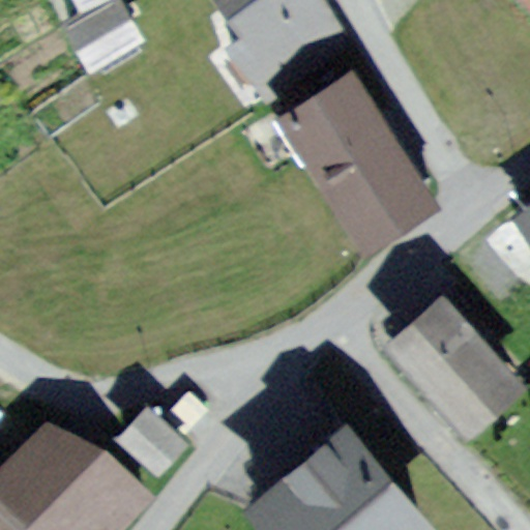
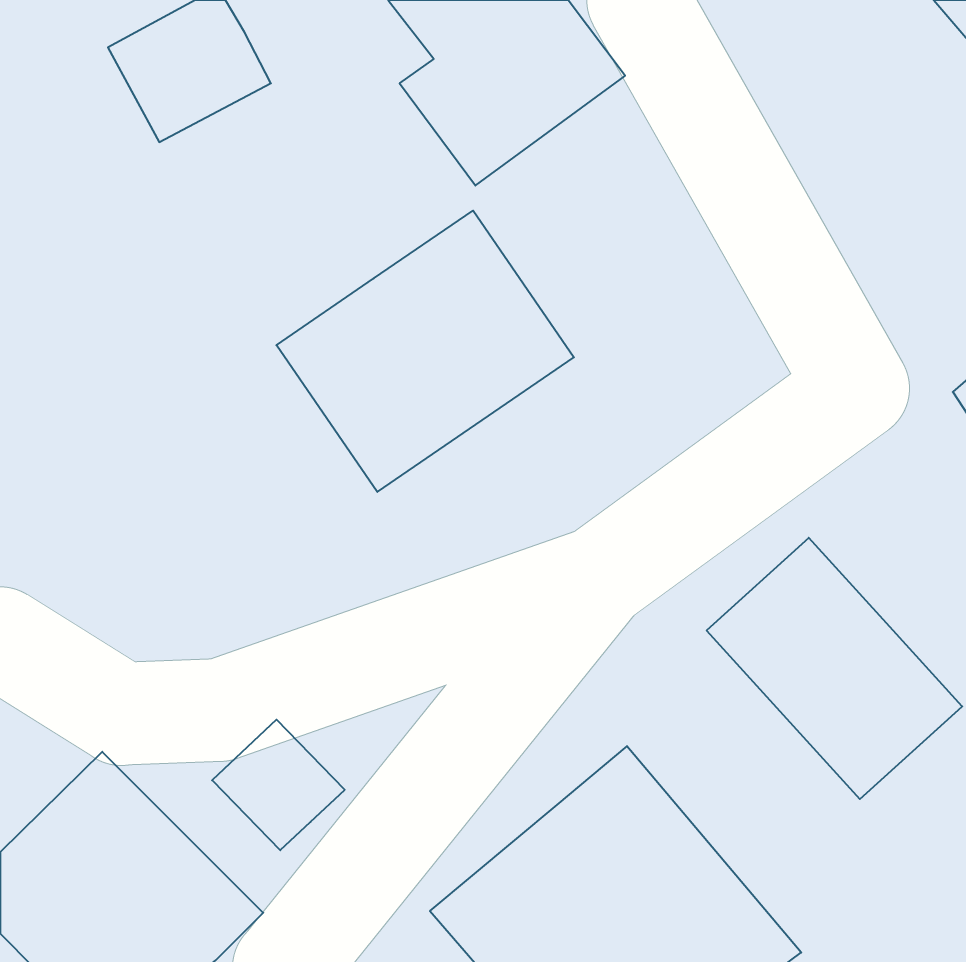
building: [272,63,440,251] -> none
building: none -> [276,211,574,492]

